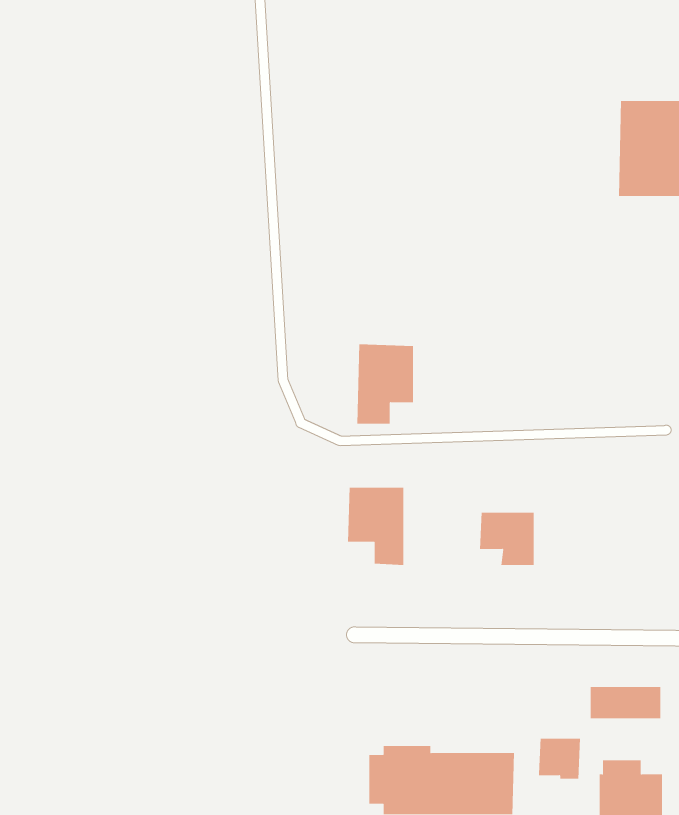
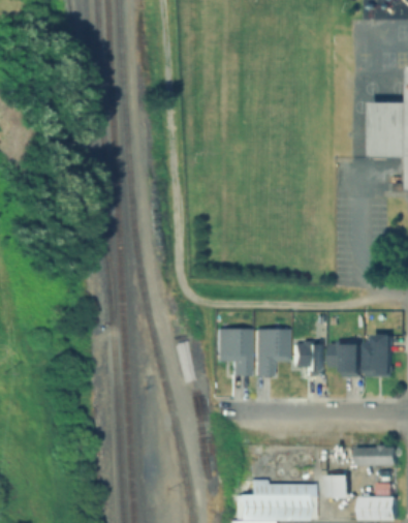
building: [357,344,414,424] -> [251,329,284,375]
building: none -> [366,335,389,376]
building: none -> [327,344,359,376]

